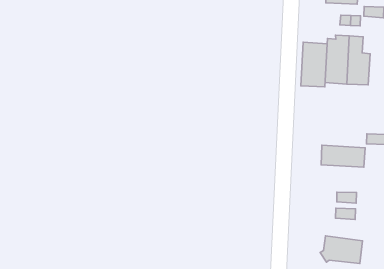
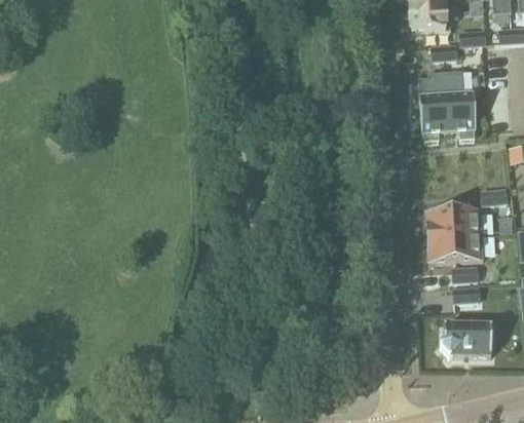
building: [301,42,327,87] -> none
building: none -> [428,233,484,261]

